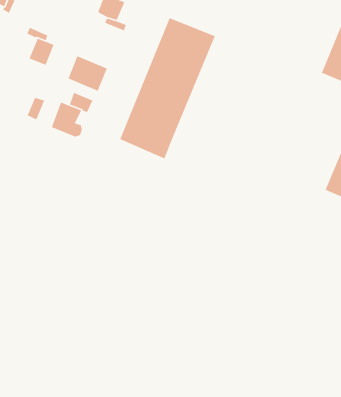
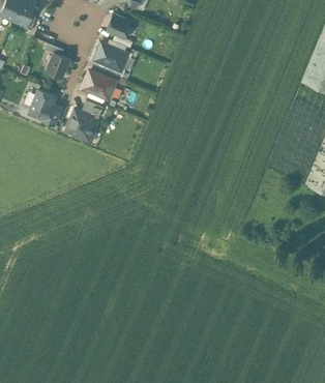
building: [119,17,216,159] -> none
building: none -> [94,41,128,69]
building: none -> [29,90,55,119]

